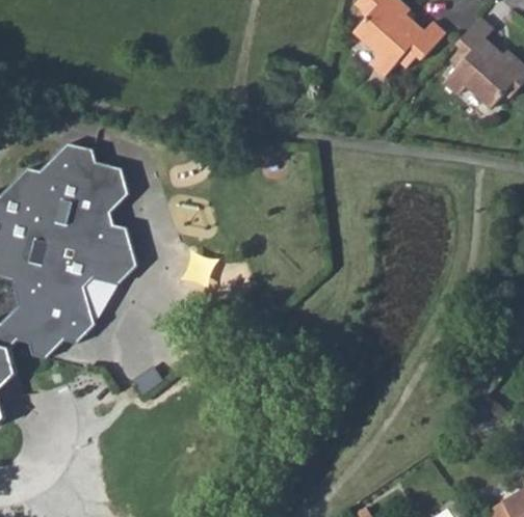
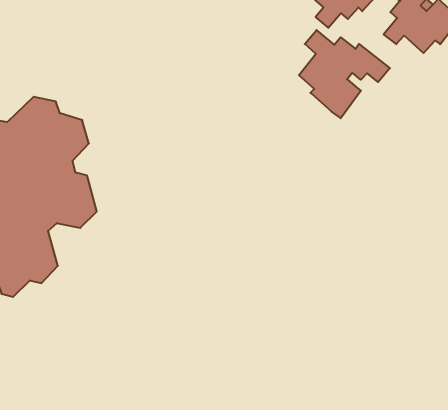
building: none -> [299,30,390,118]

